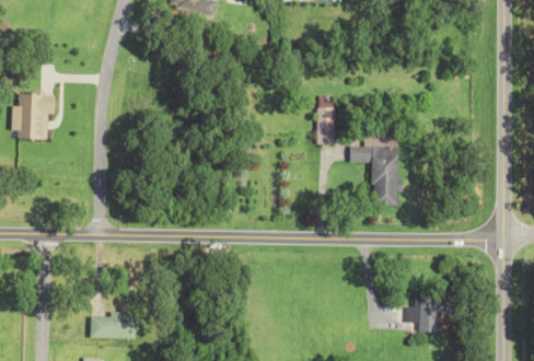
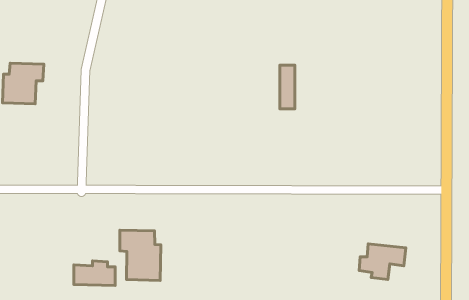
building: [350,136,399,206] -> none
building: none -> [120,230,161,280]

